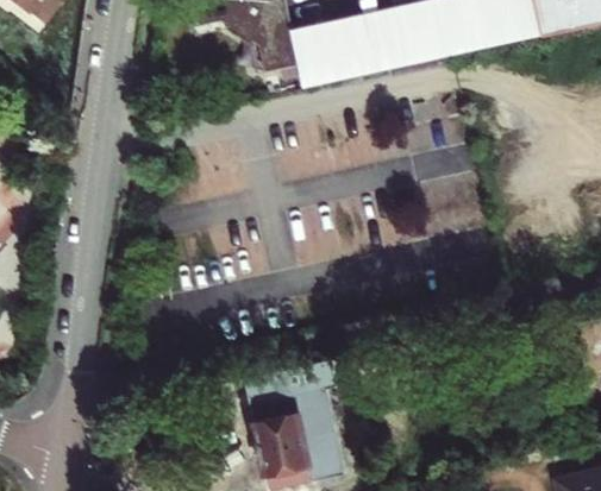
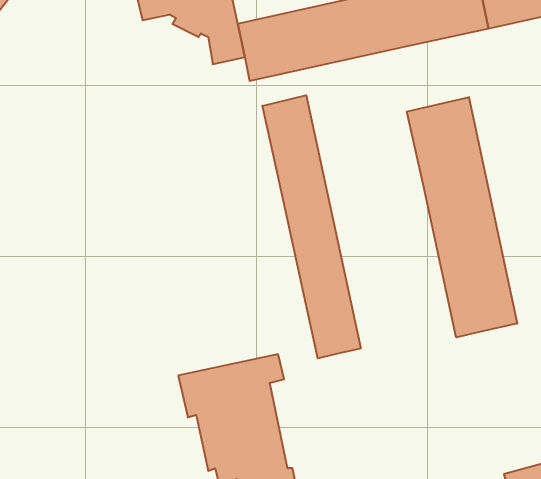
building: none -> [262,95,361,358]
building: none -> [407,97,517,337]

